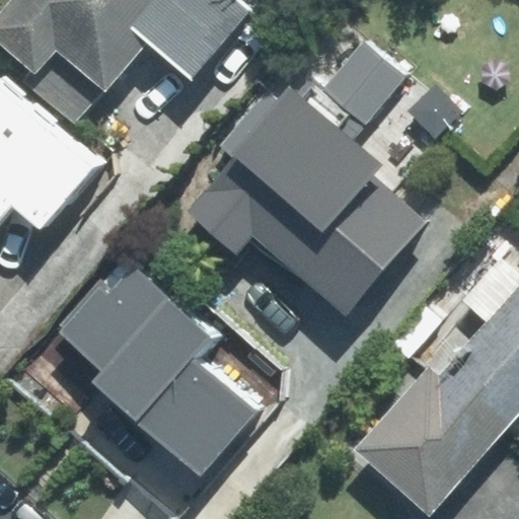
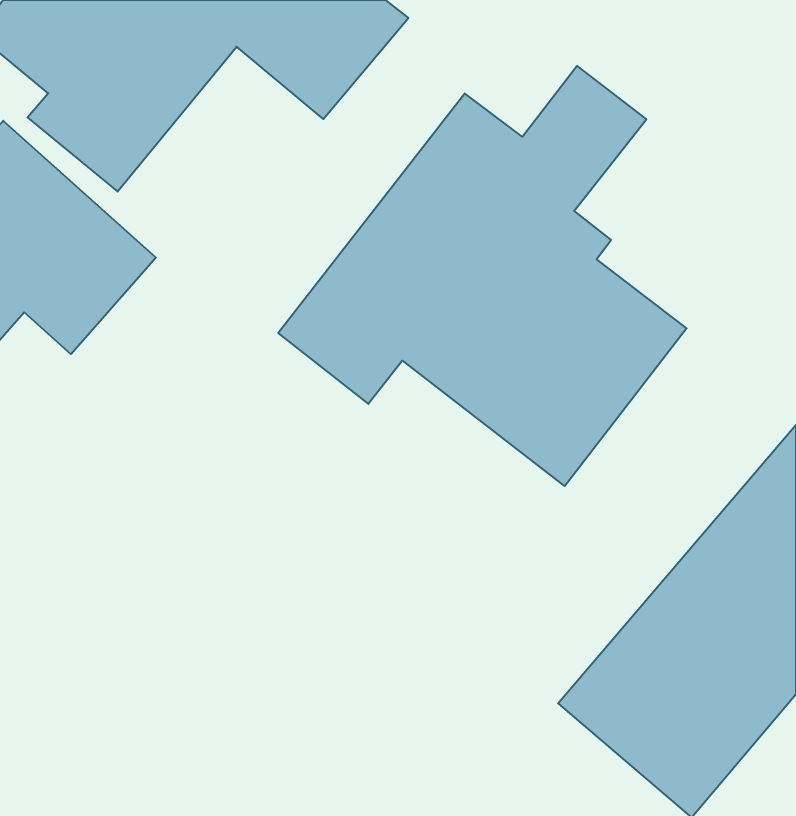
building: [49,251,260,472] -> none

